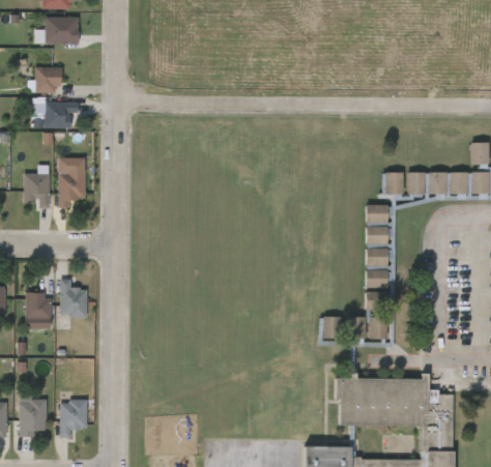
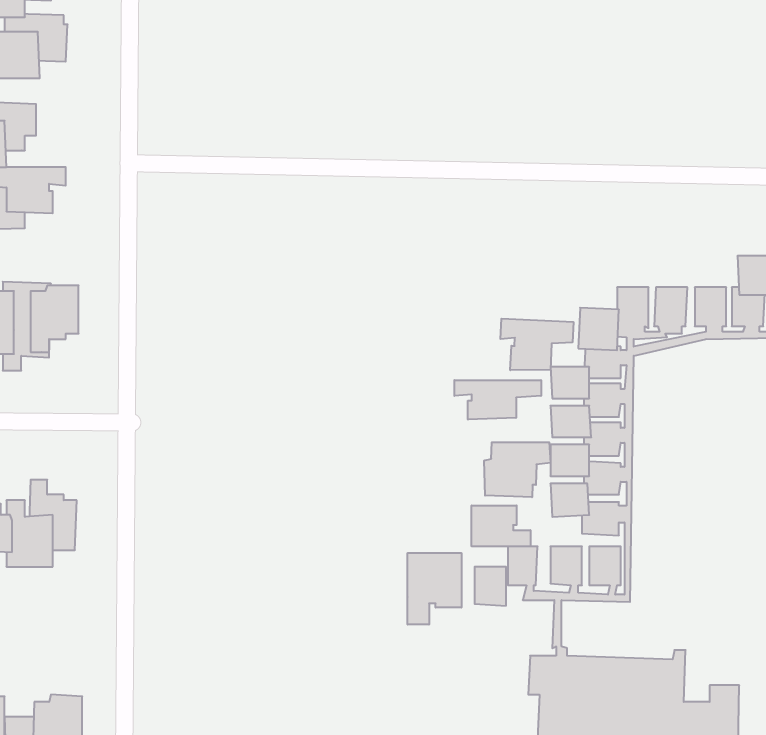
building: none -> [500,319,573,370]
building: none -> [454,380,541,420]
building: none -> [484,442,550,497]
building: none -> [472,505,530,546]
building: none -> [408,553,461,625]

